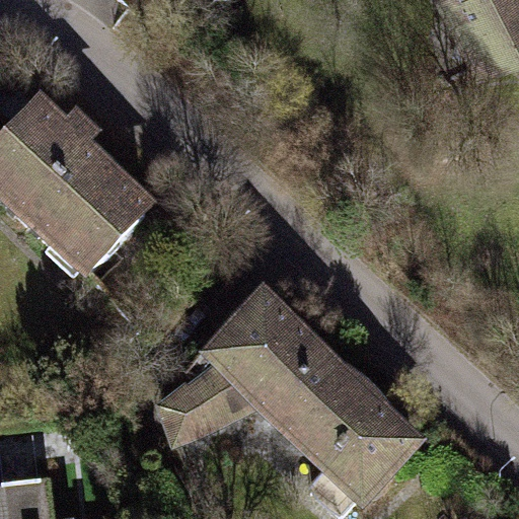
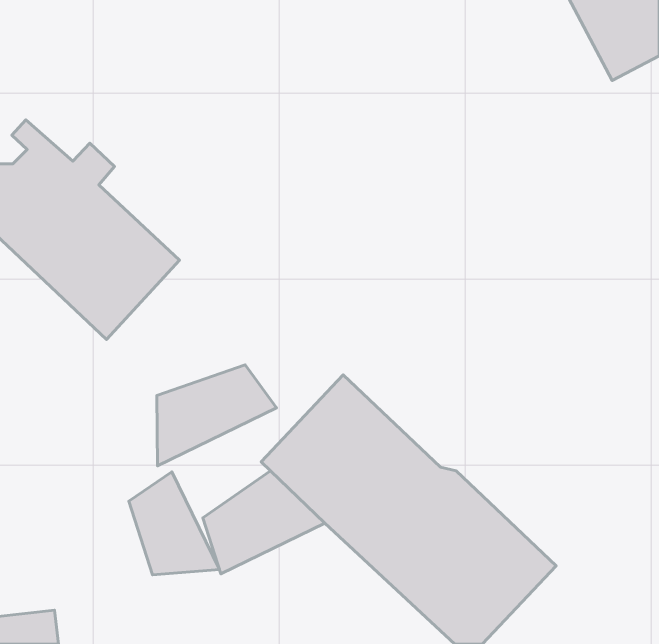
building: none -> [157,365,277,466]
building: none -> [129,472,220,575]

